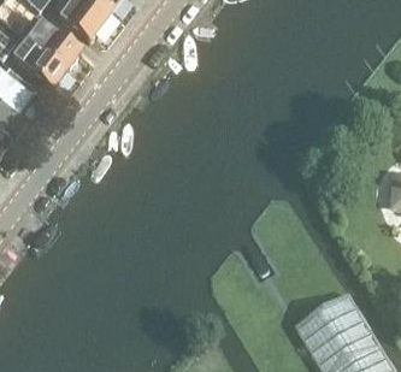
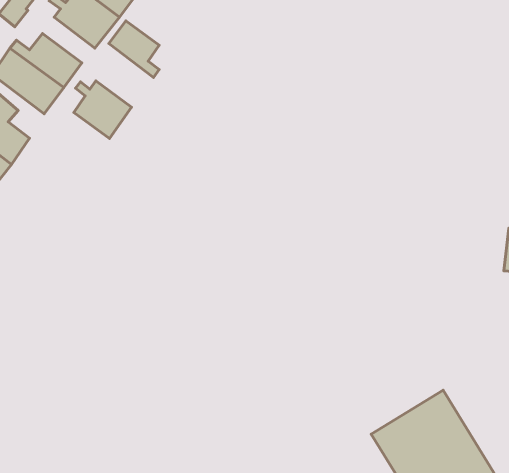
building: none -> [109,21,159,77]
building: none -> [74,81,132,138]

